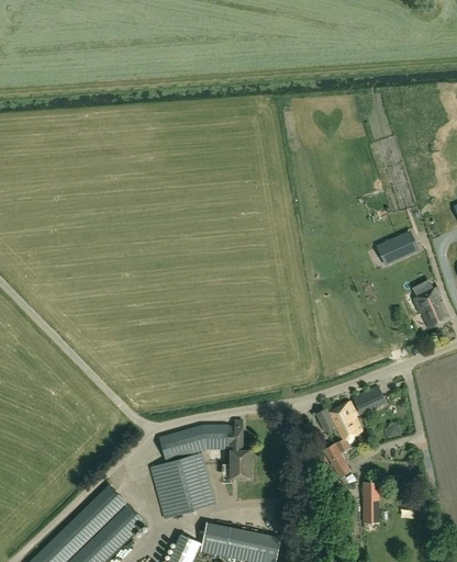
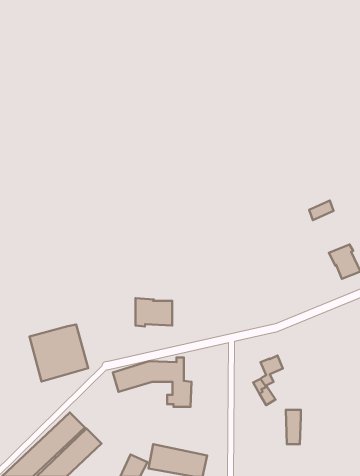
building: none -> [136,298,172,327]
building: [352,385,387,414] -> none
building: [316,404,354,430] -> none
building: [149,452,219,519] -> [29,324,88,381]

